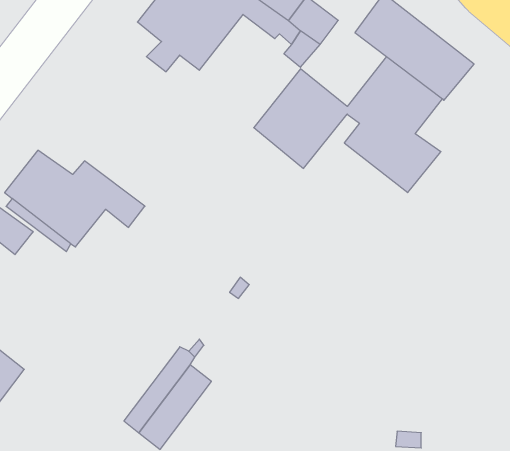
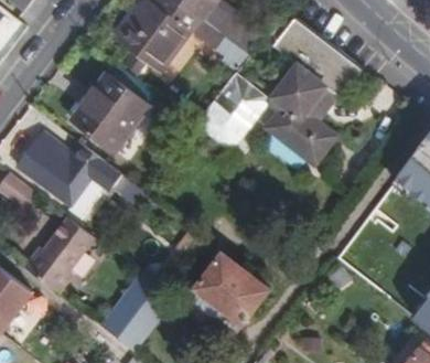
building: none -> [72,74,149,151]
building: none -> [25,217,96,293]
building: none -> [179,253,268,344]

